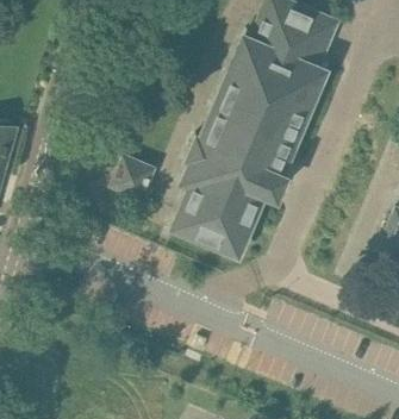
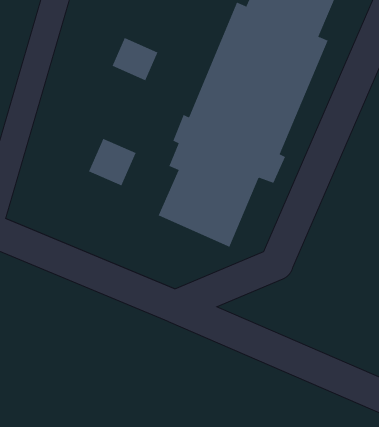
building: none -> [112,37,158,81]

